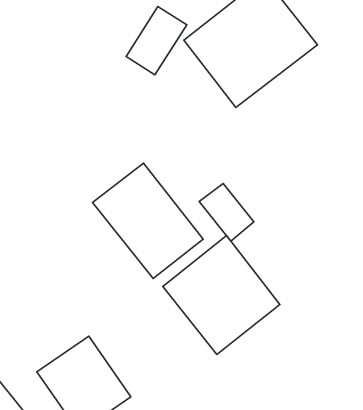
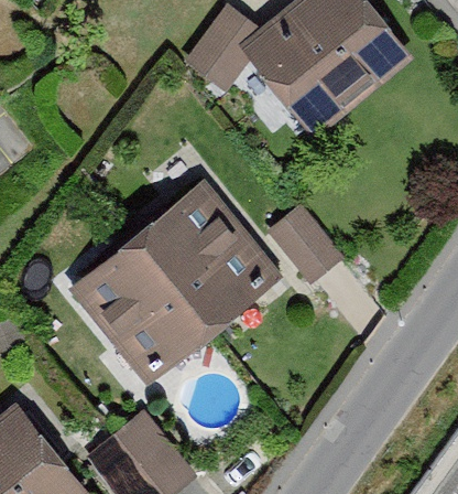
building: none -> [77,234,217,377]
building: [163,235,280,354] -> none

